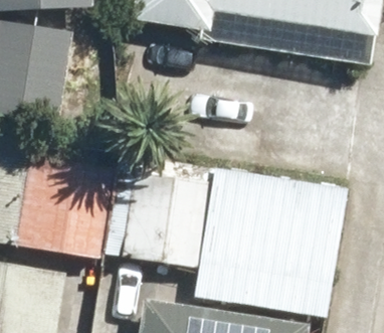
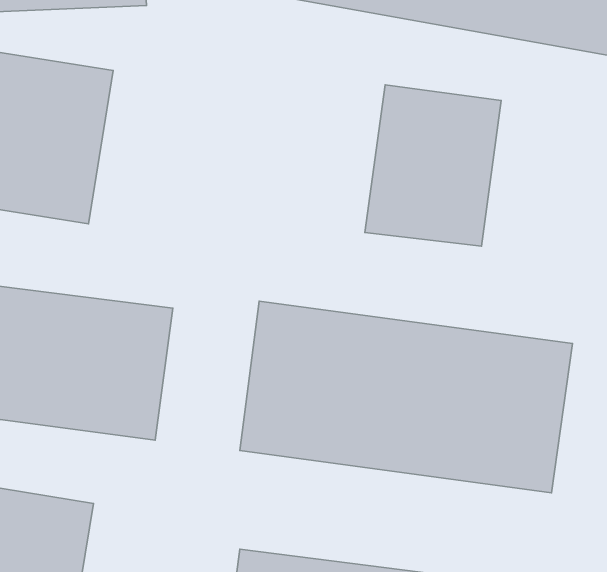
building: none -> [365,85,501,246]

